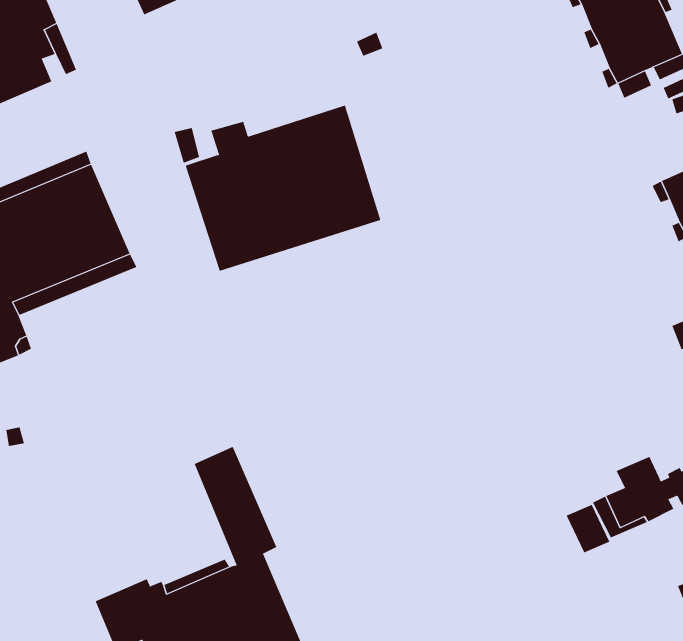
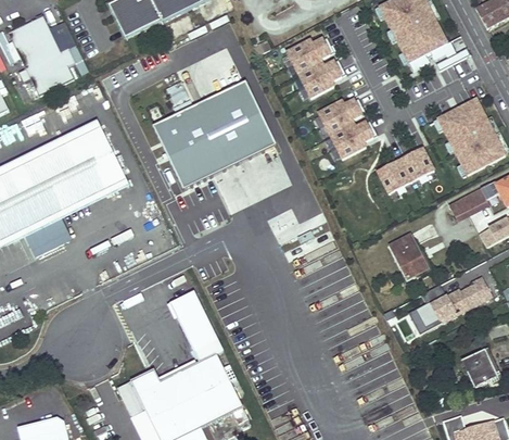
building: none -> [287,36,345,97]
building: none -> [318,97,377,158]
building: none -> [376,143,432,189]
building: none -> [390,234,427,277]

